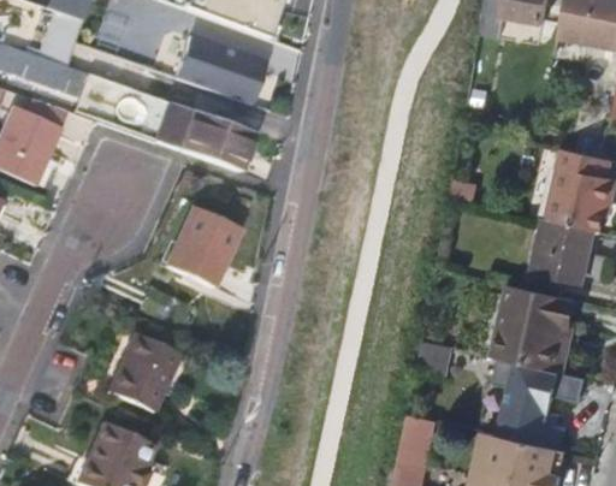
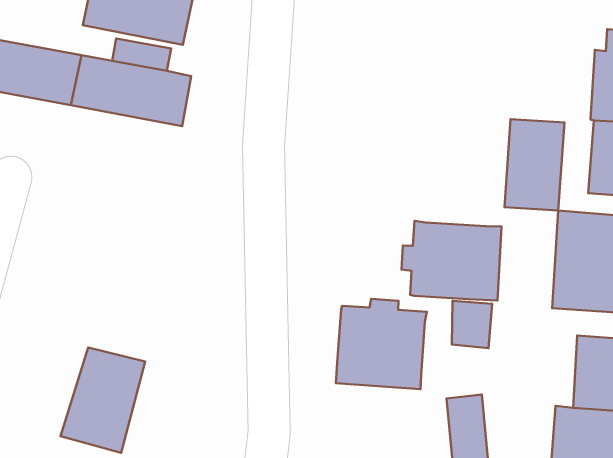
building: none -> [504,119,564,210]
building: [165,208,235,286] -> none
building: none -> [402,221,501,301]
building: none -> [336,299,427,389]

